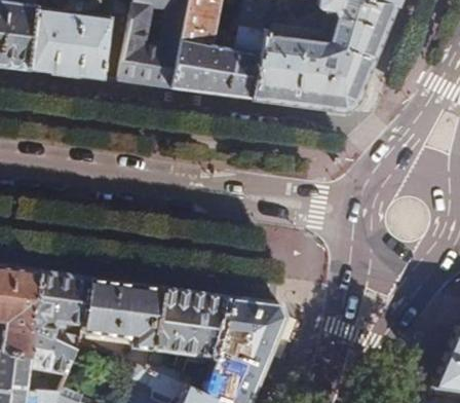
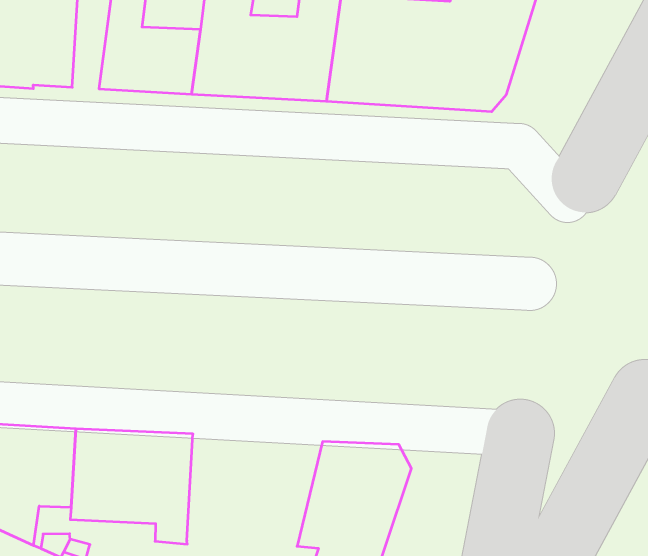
building: [151,287,234,357] -> none

